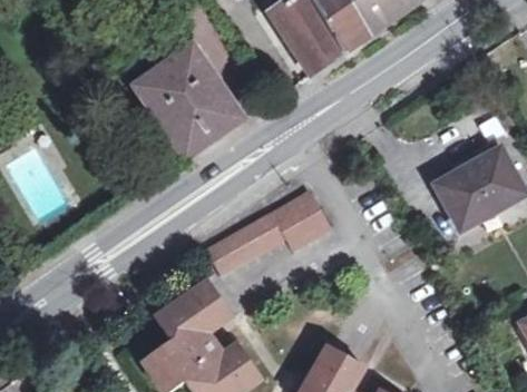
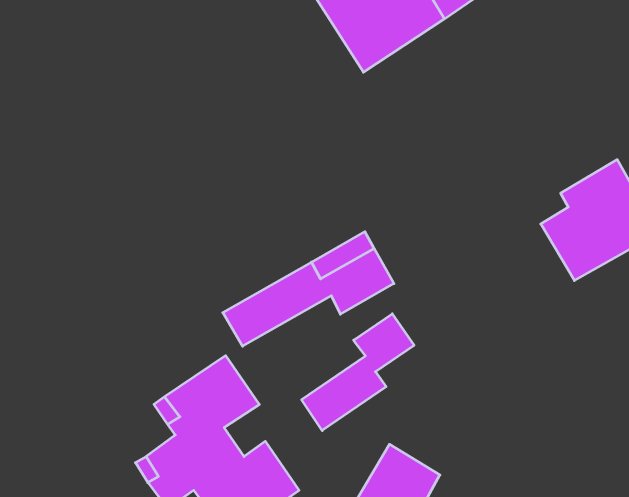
building: [133,45,243,161] -> none
building: none -> [302,314,414,431]

